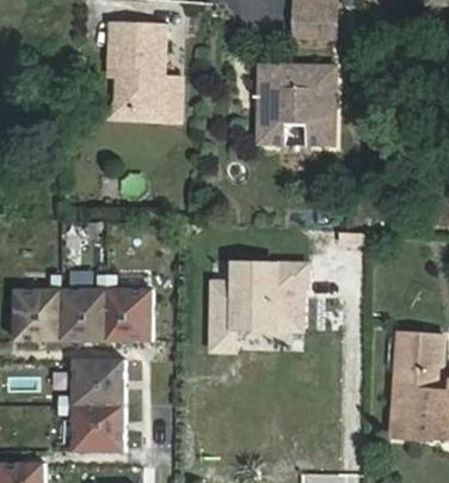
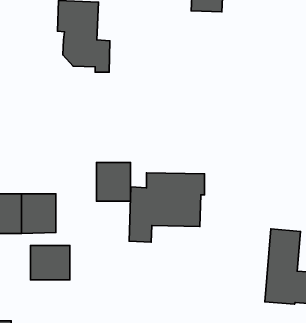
building: [257,68,332,145] -> none
building: [105,288,152,341] -> [96,162,130,201]
building: [70,405,124,453] -> none

